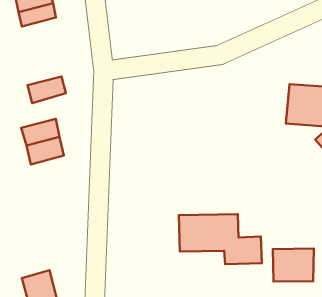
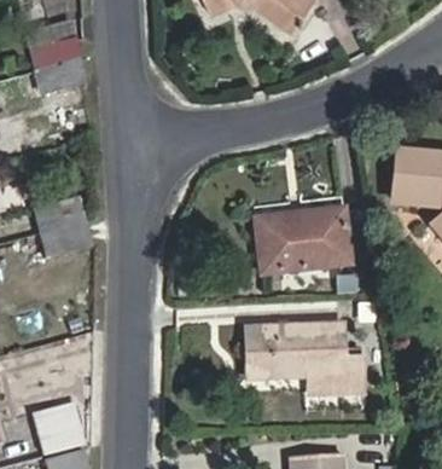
building: [28,76,66,103] -> [35,59,87,95]
building: none -> [256,213,351,273]
building: [273,248,314,282] -> none

